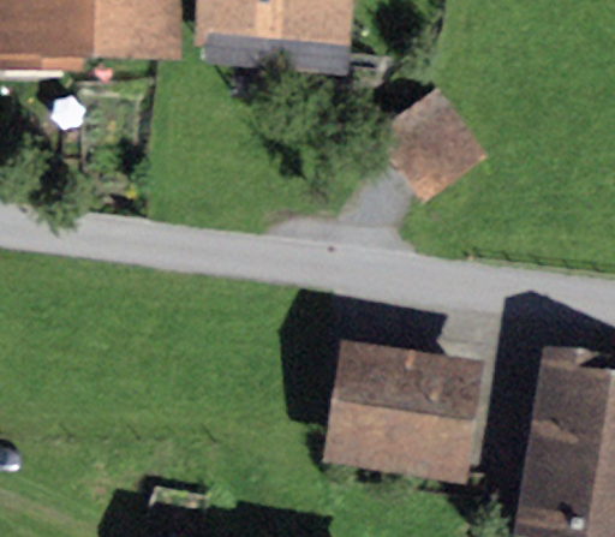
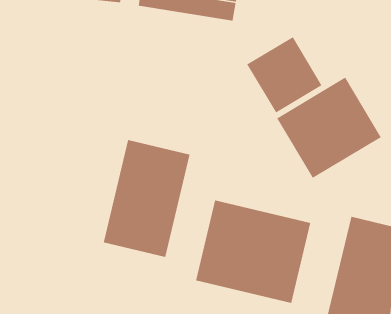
building: none -> [276,77,382,179]
building: none -> [103,139,190,258]

